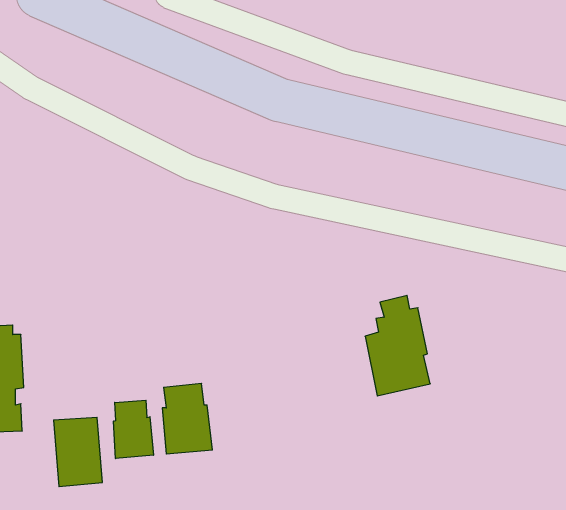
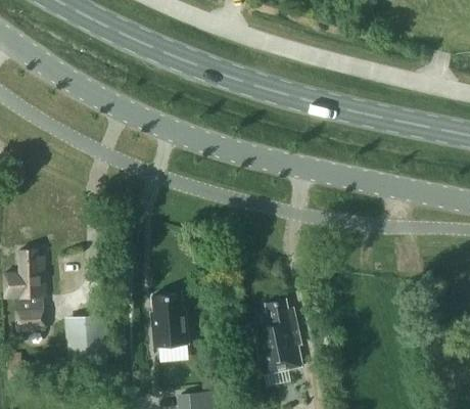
building: [365,295,430,396] -> [253,299,302,374]
building: [114,400,153,459] -> none

